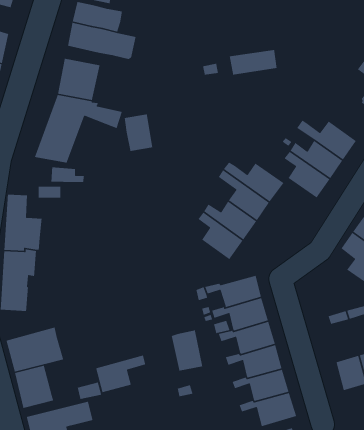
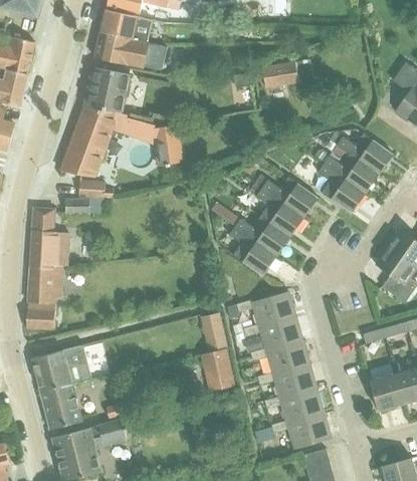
building: none -> [199,313,227,351]
building: [95,355,146,393] -> none

